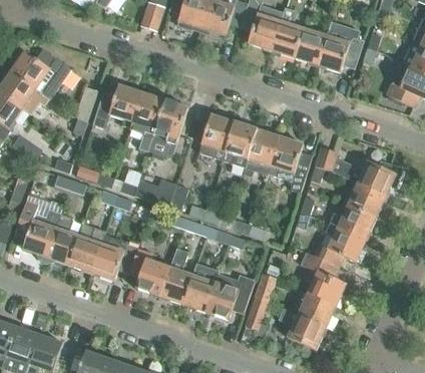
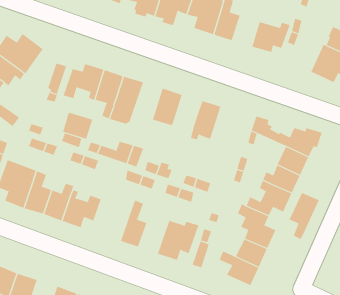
building: [294,28,326,65] -> none
building: [223,122,258,166] -> none
building: [269,136,313,193] -> none
building: none -> [62,112,93,139]
building: none -> [289,192,320,240]
building: [129,247,173,297] -> none
building: [182,275,215,312] -> none

